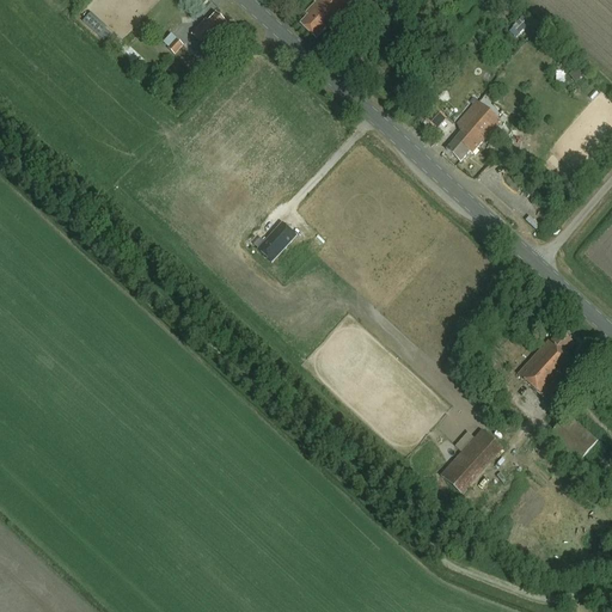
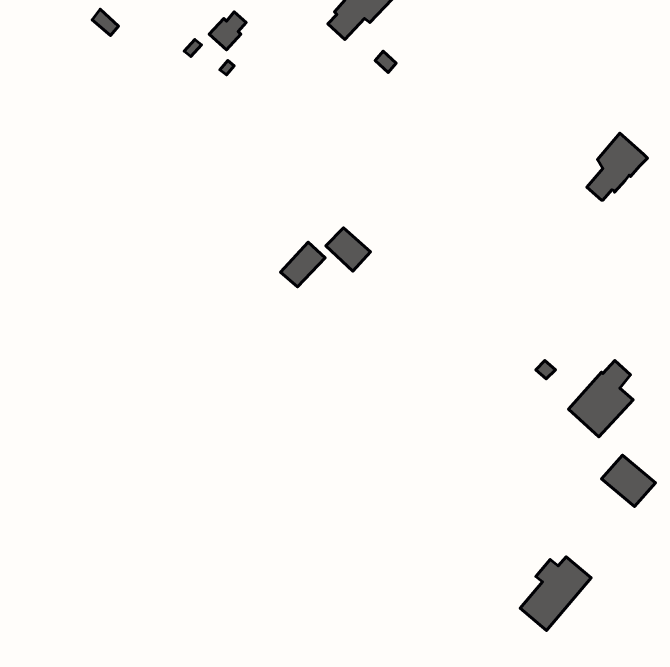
building: [445,98,500,159] -> [587,133,647,200]
building: none -> [326,228,371,271]
building: [441,426,506,492] -> [520,557,591,630]

